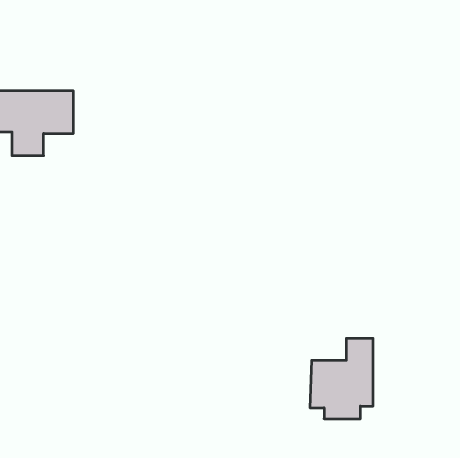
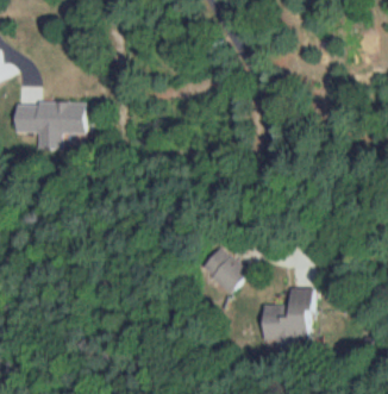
building: none -> [201,248,249,294]

